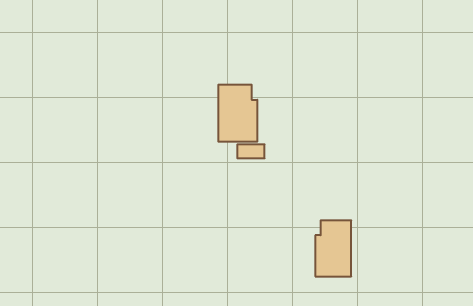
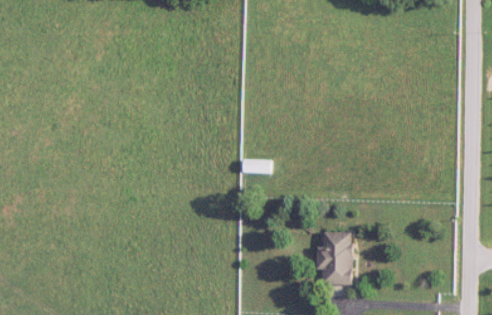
building: [218,85,257,142] -> none

